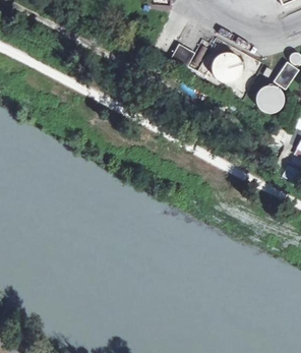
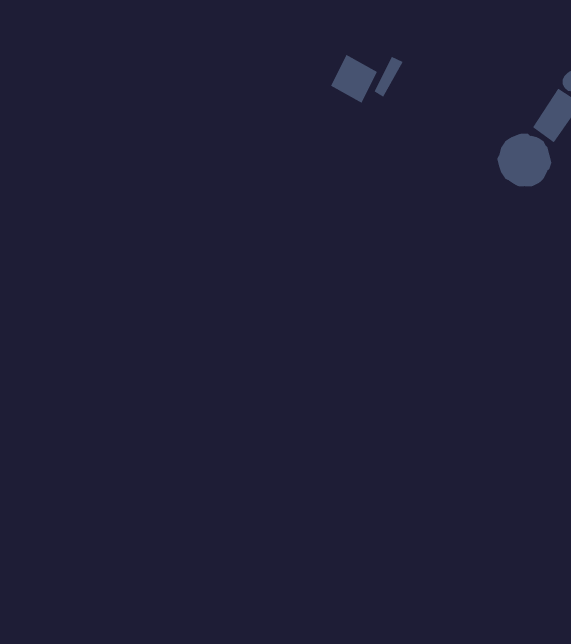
building: [212,50,243,81] -> none

